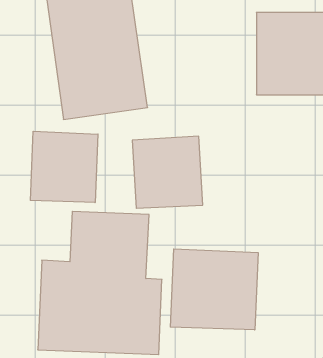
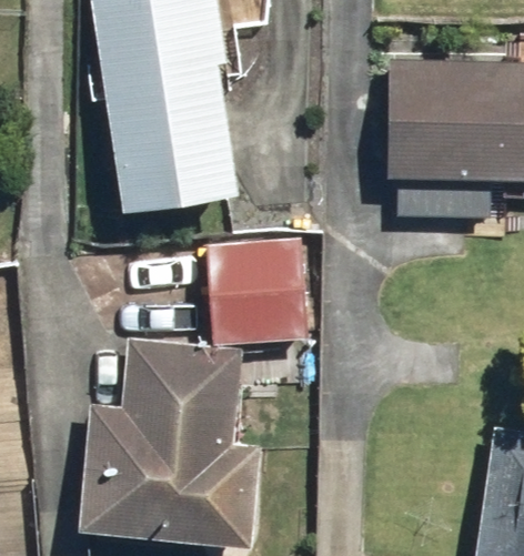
building: [30,131,98,203] -> none
building: [170,249,258,330] -> none

